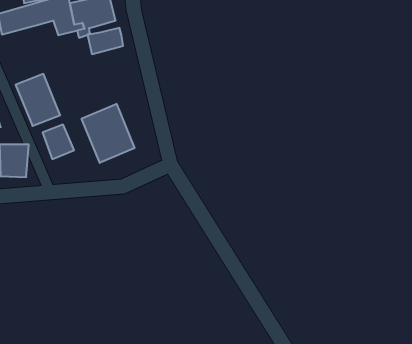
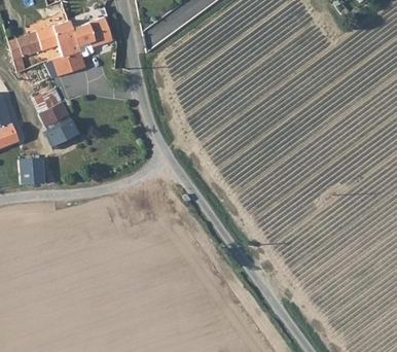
building: [87,28,123,54] -> [51,50,83,75]
building: [82,104,135,163] -> none

